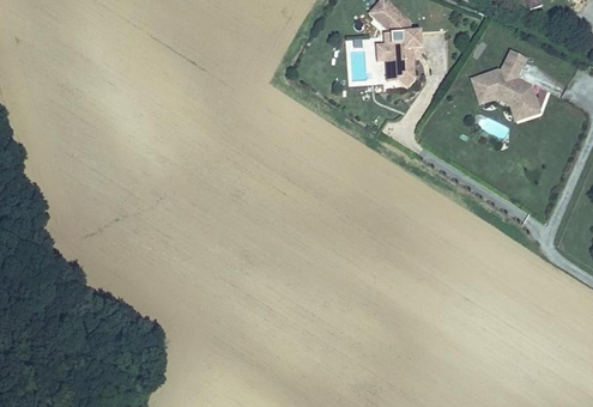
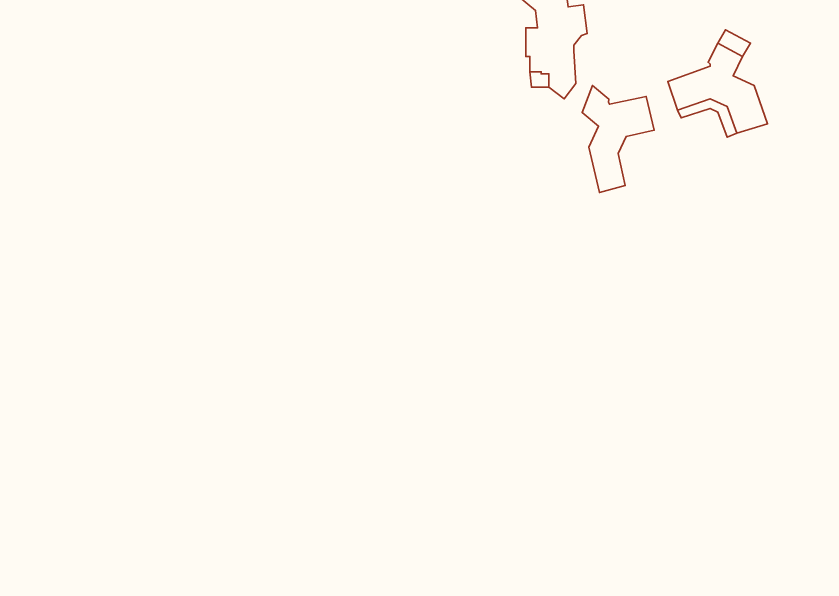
building: none -> [582,85,654,193]

